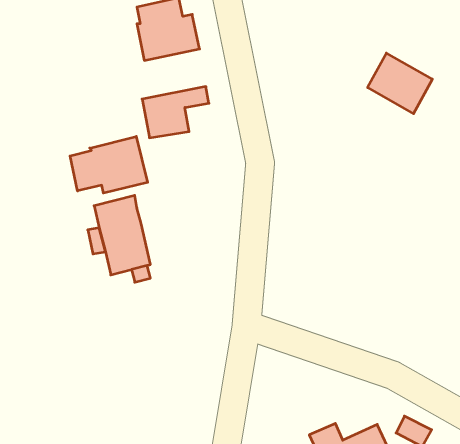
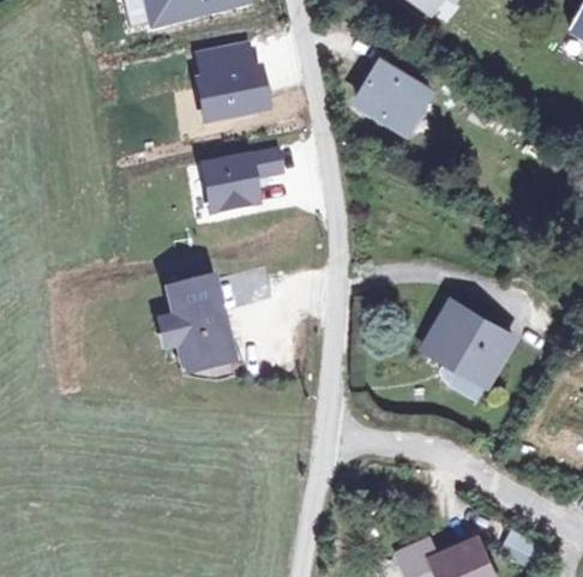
building: [368,53,432,114] -> [362,58,437,127]
building: [70,136,148,193] -> none
building: none -> [422,300,509,380]

